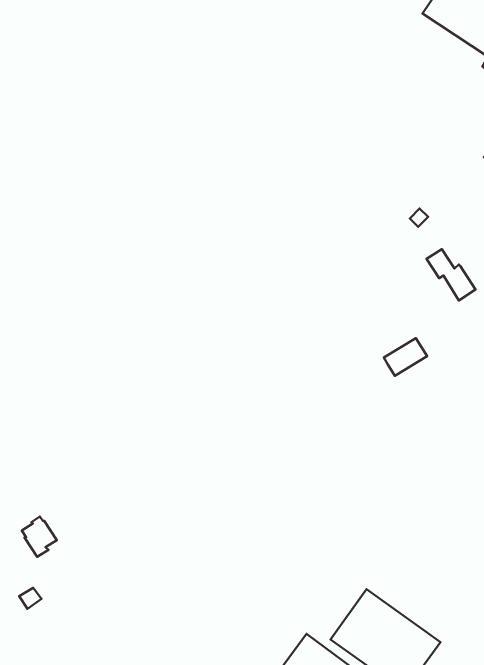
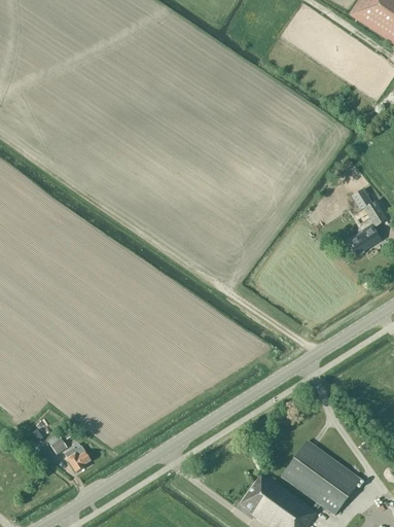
building: [384,338,427,376] -> [348,225,380,253]
building: [22,517,57,557] -> [65,442,91,471]

